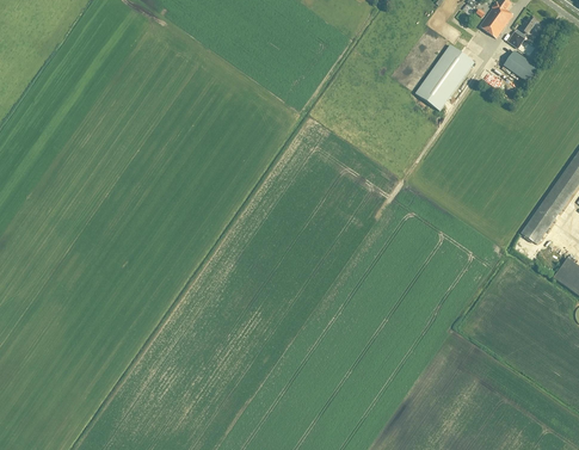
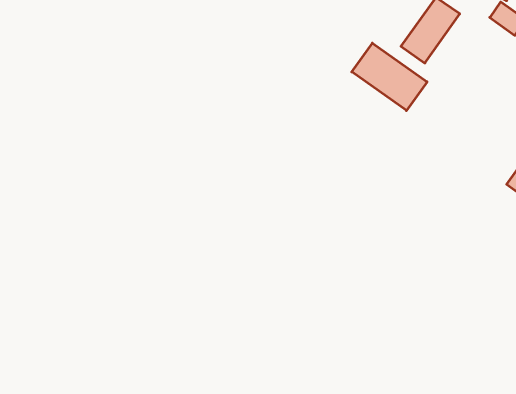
building: none -> [352,43,427,111]

